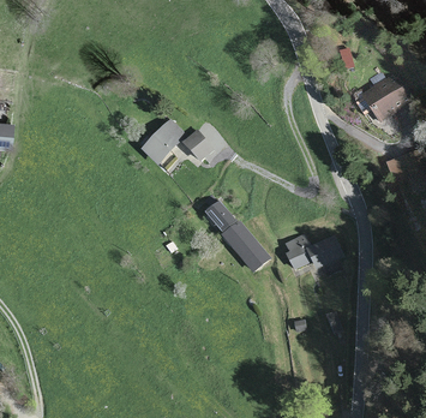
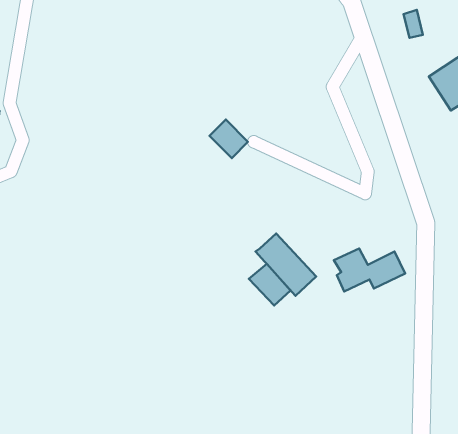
building: [143,118,184,166] -> none
building: [204,201,238,234] -> [249,264,290,305]

